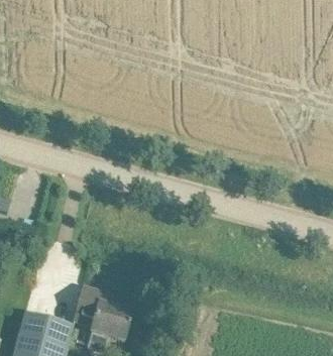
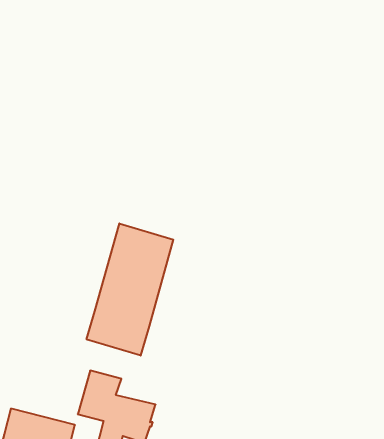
building: none -> [87,223,173,356]

